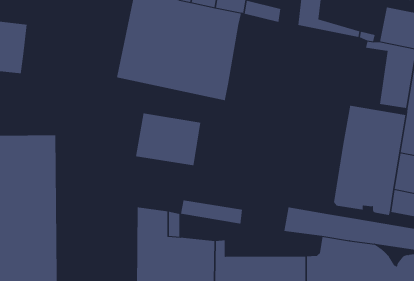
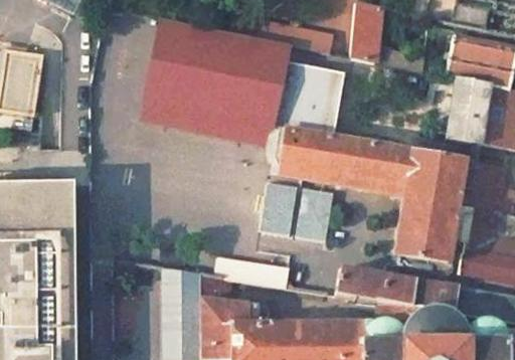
building: none -> [272,55,339,180]
building: none -> [326,132,411,194]
building: [135,113,201,166] -> [255,181,332,242]

